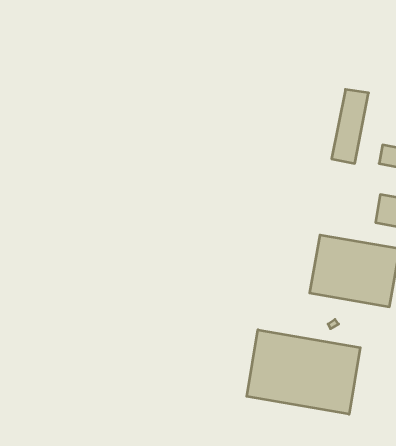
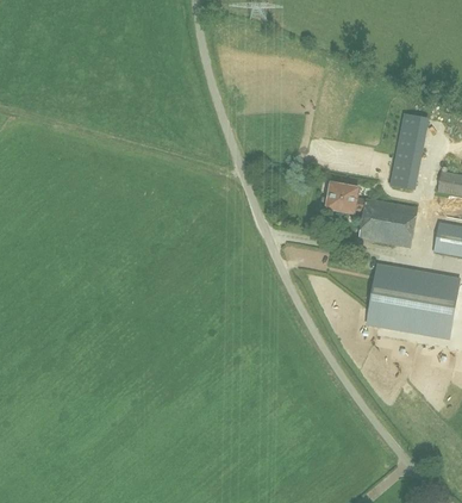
building: none -> [319,182,417,246]
building: [247,330,360,414] -> none

